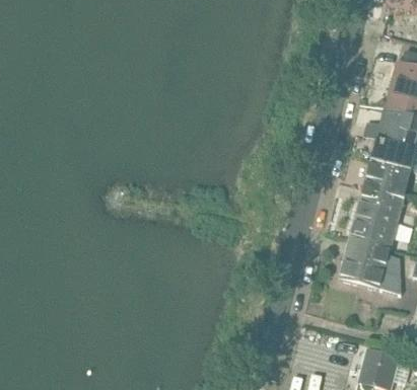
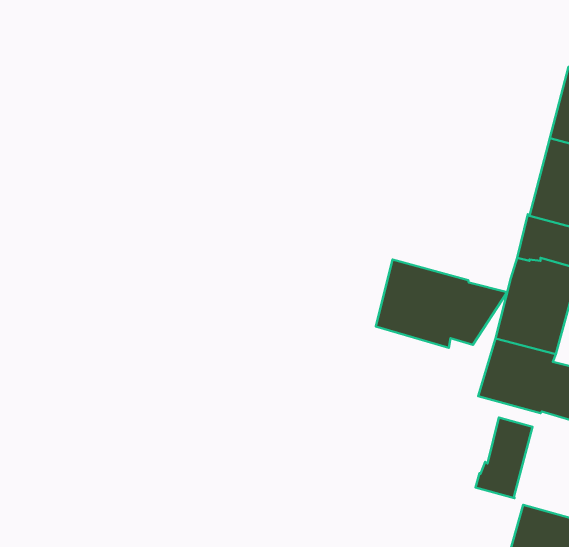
building: none -> [376,260,507,348]
building: none -> [475,418,533,498]

